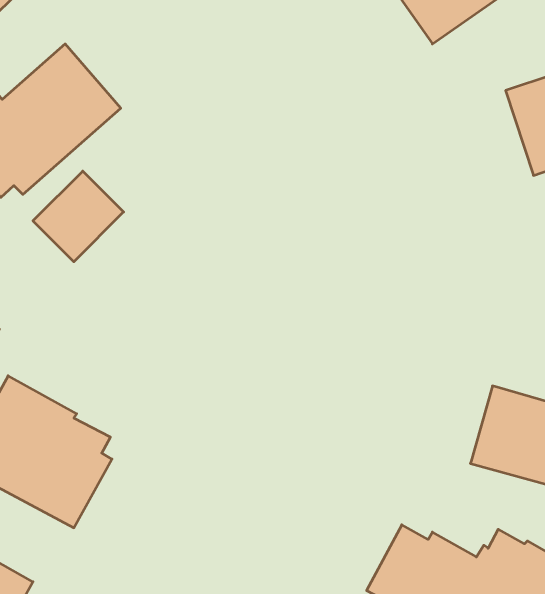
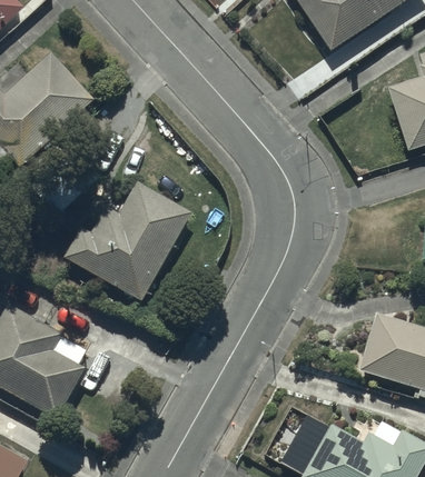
building: none -> [65,182,190,300]

